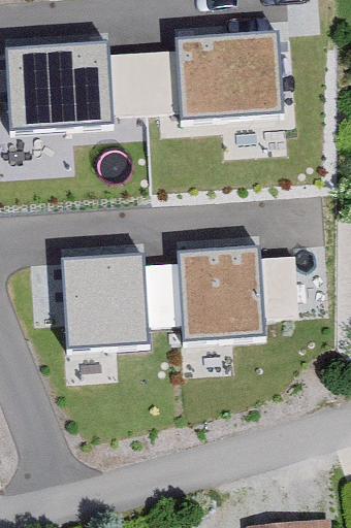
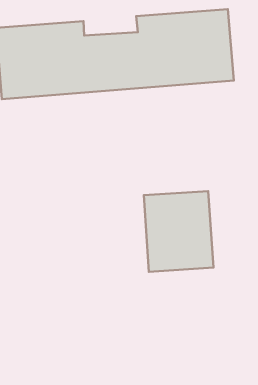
building: [64,257,148,318] -> none

